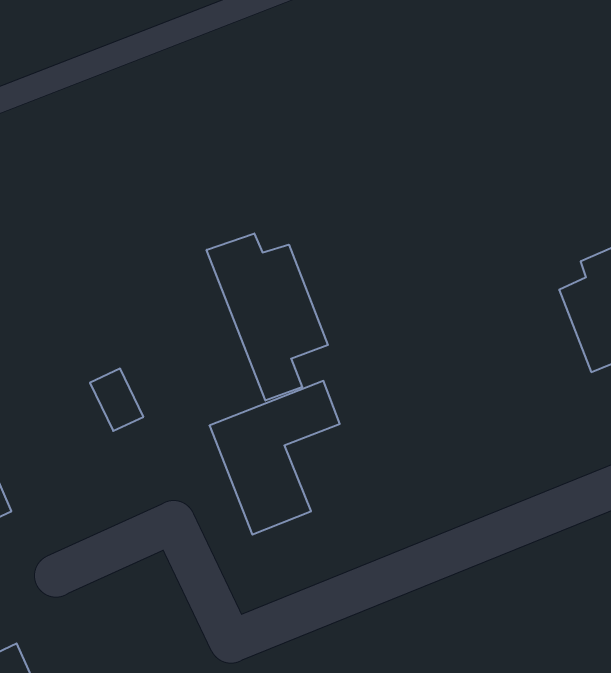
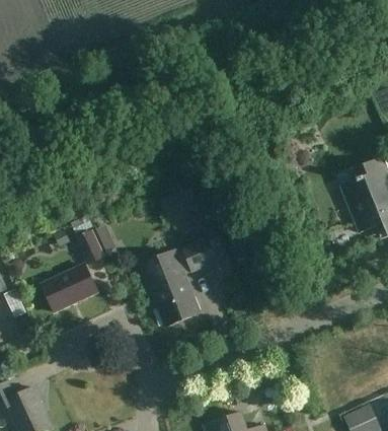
building: [207,233,328,401] -> none
building: none -> [41,264,97,311]

